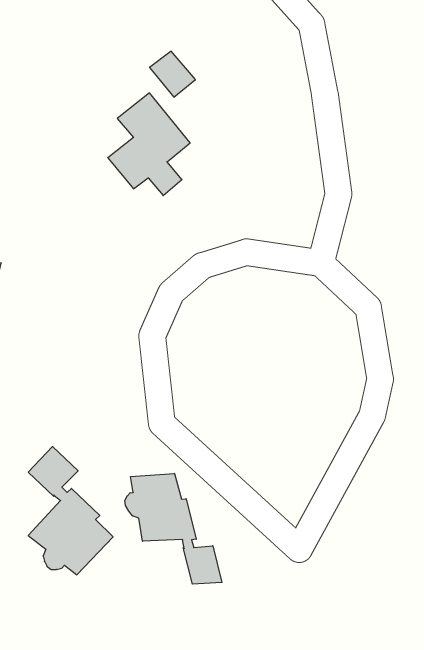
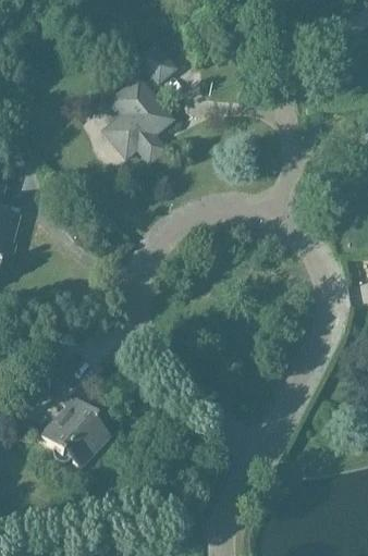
building: [125,473,222,584] -> none

